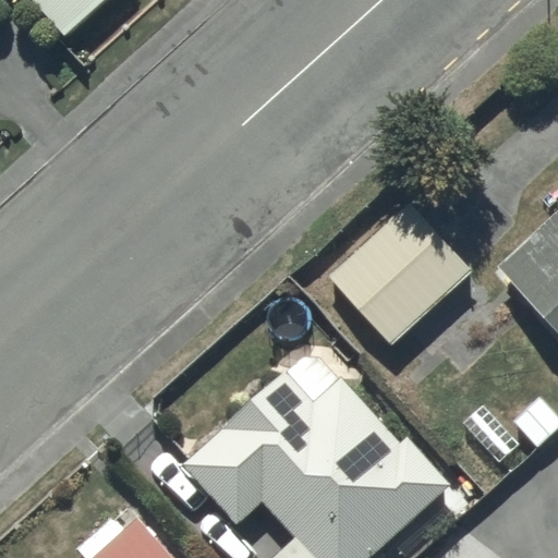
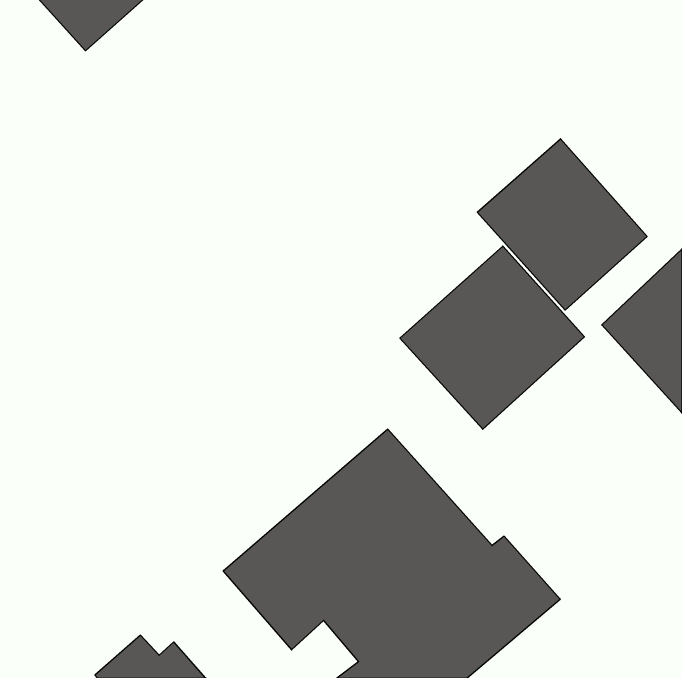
building: none -> [477,139,647,310]

